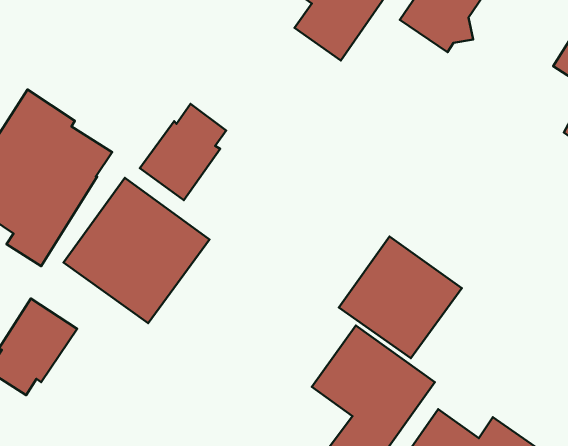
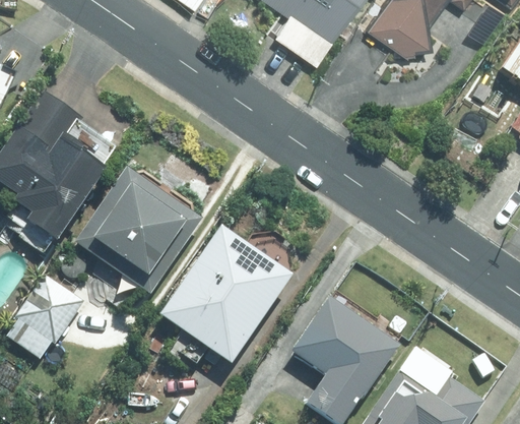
building: [140,104,226,200] -> none
building: [339,237,462,358] -> none
building: none -> [157,230,290,368]

